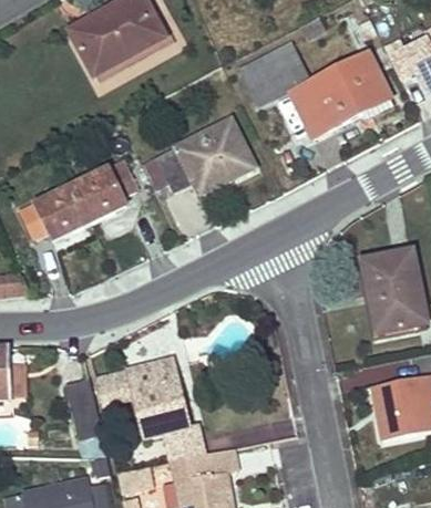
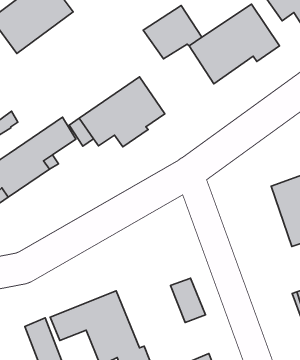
building: none -> [170,278,205,322]

